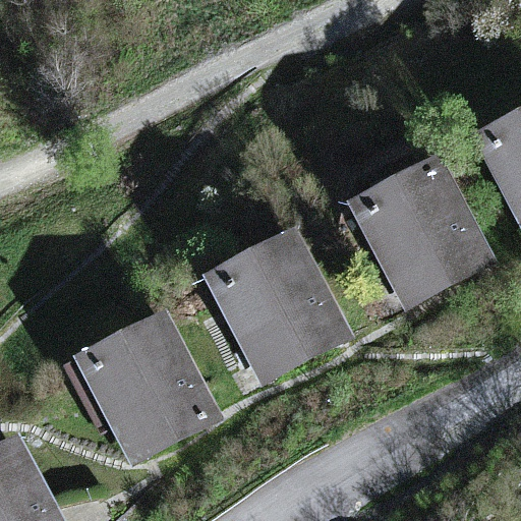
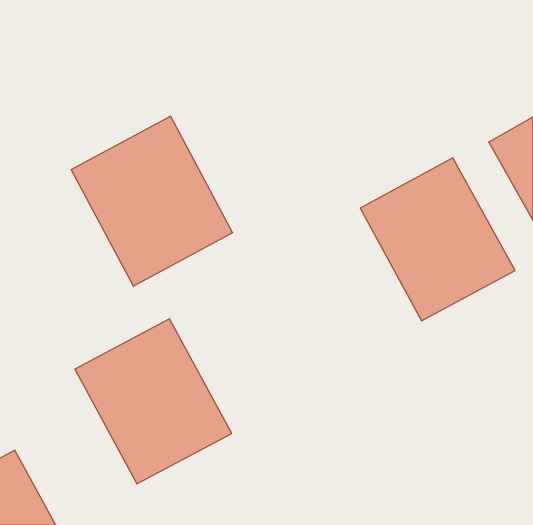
building: none -> [71,116,233,286]
building: [206,227,351,382] -> none

